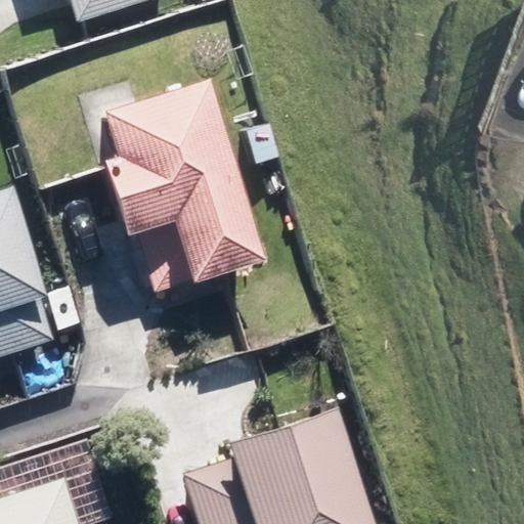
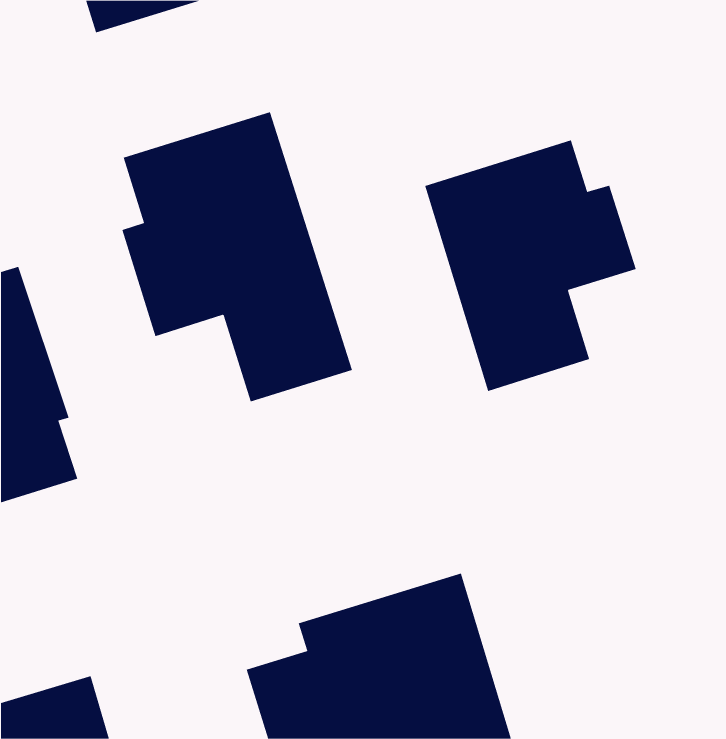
building: none -> [424,140,636,392]

